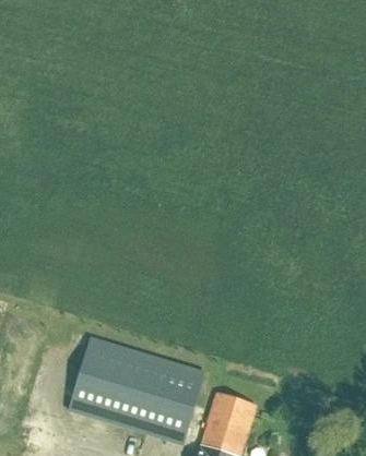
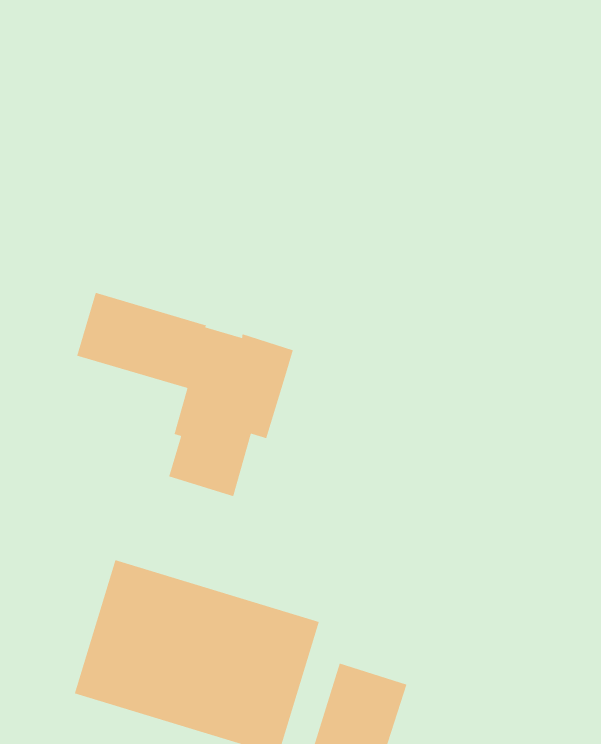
building: none -> [76,292,294,497]

